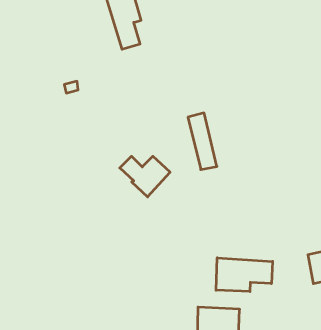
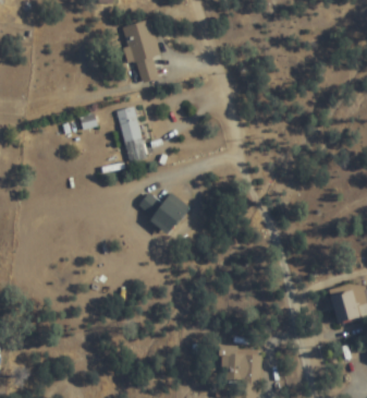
building: [188,113,217,170] -> [118,106,147,164]
building: [216,258,273,292] -> none

